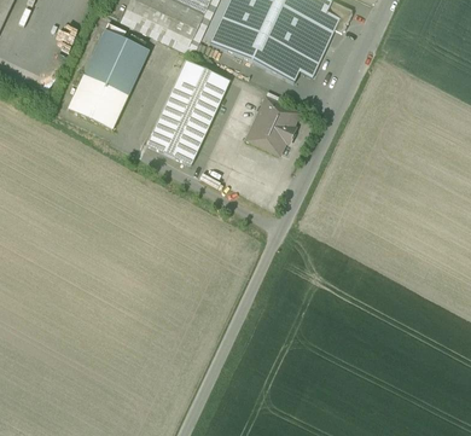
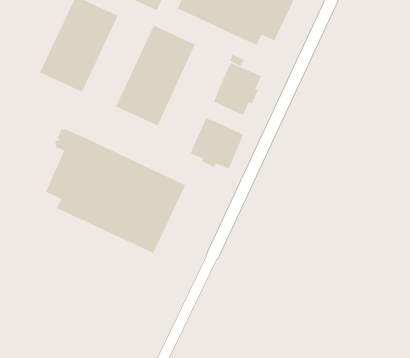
building: none -> [190,117,244,170]
building: none -> [45,128,186,254]

